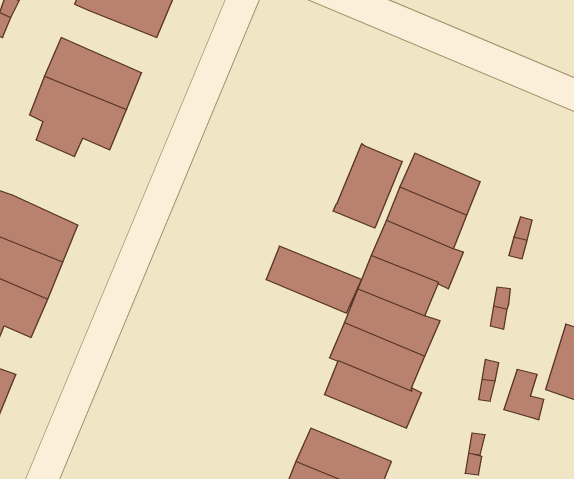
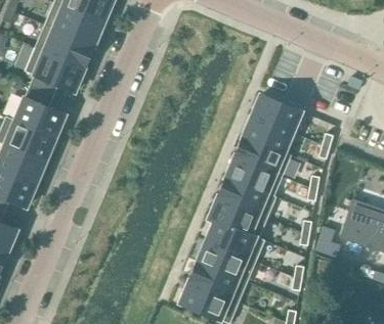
building: none -> [53,8,102,46]
building: none -> [14,87,65,139]
building: [333,144,402,228] -> none
building: [266,246,362,313] -> [197,242,255,283]

